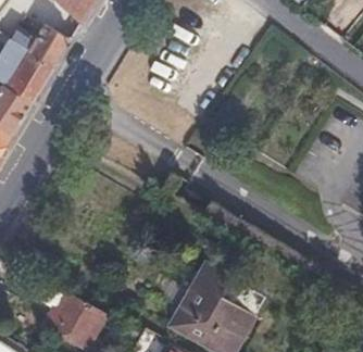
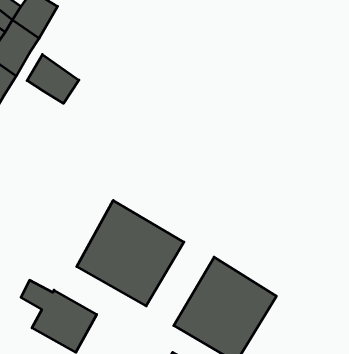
building: none -> [27,54,79,103]
building: none -> [77,200,184,306]

